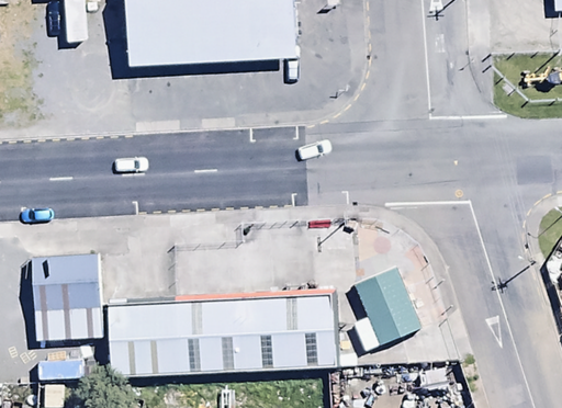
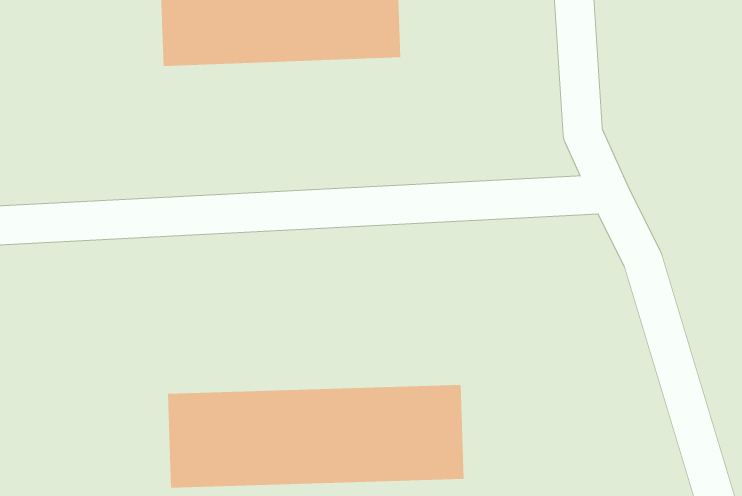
building: [43,259,105,345] -> none
building: [350,265,418,349] -> none

